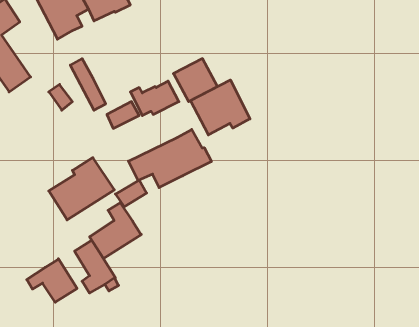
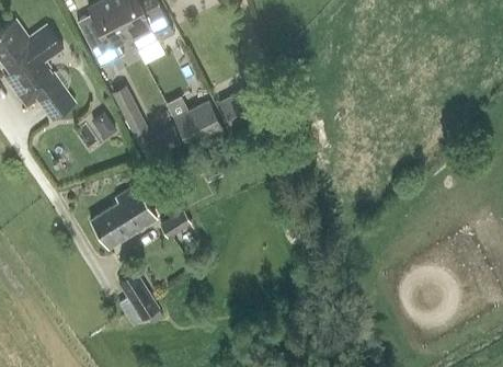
building: [190,80,250,135] -> none
building: [128,129,211,188] -> none
building: [90,203,141,259] -> none
building: [27,259,77,302] -> none

